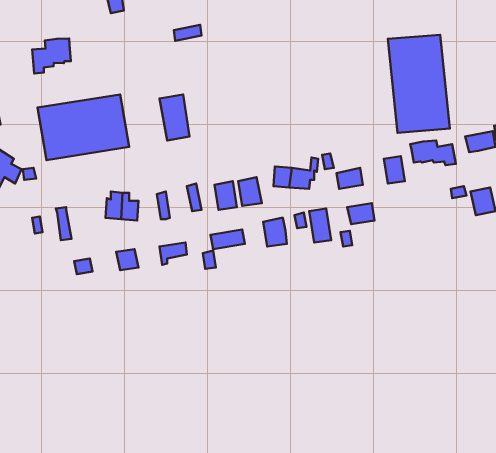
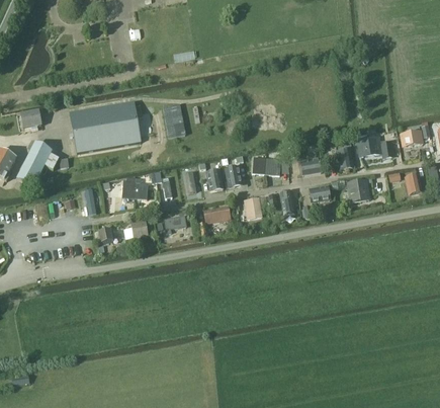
building: [388,35,450,133] -> none
building: [32,38,71,74] -> none
building: none -> [347,179,369,201]

